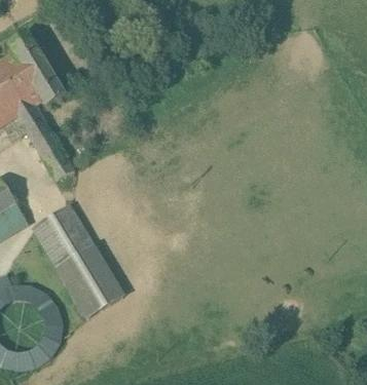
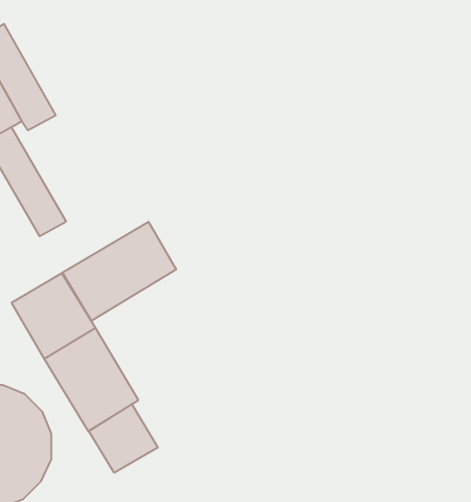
building: none -> [62,222,176,321]
building: none -> [89,404,158,473]

